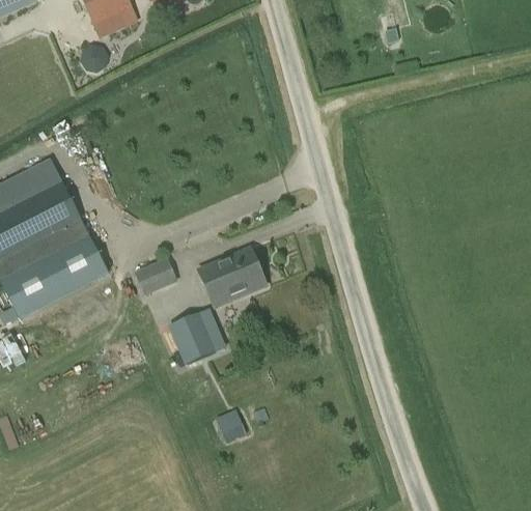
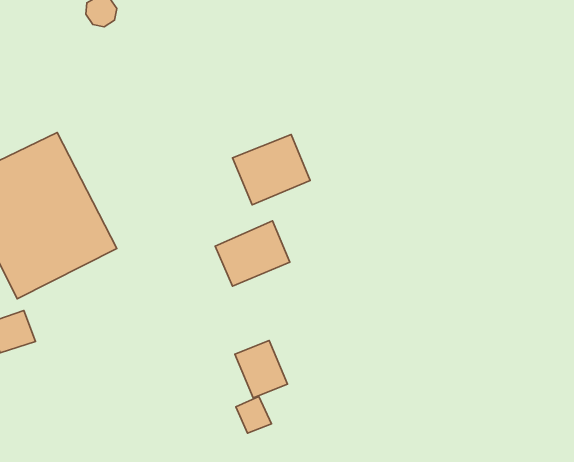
building: none -> [232,134,310,205]
building: [135,259,175,292] -> none
building: [168,312,216,364] -> [235,341,288,398]

